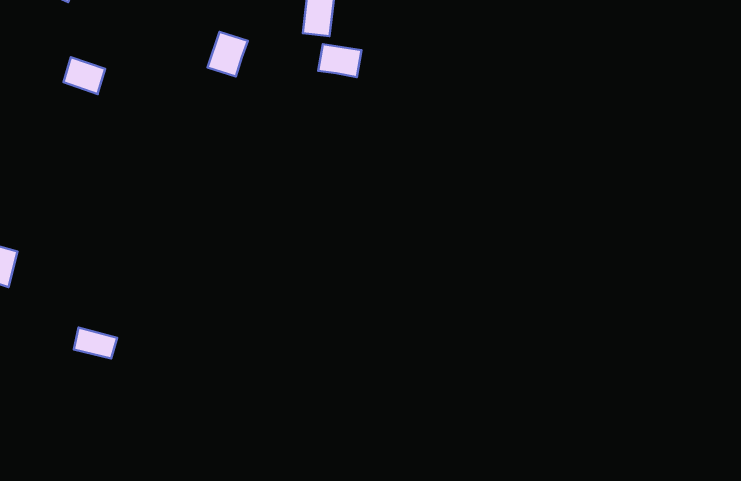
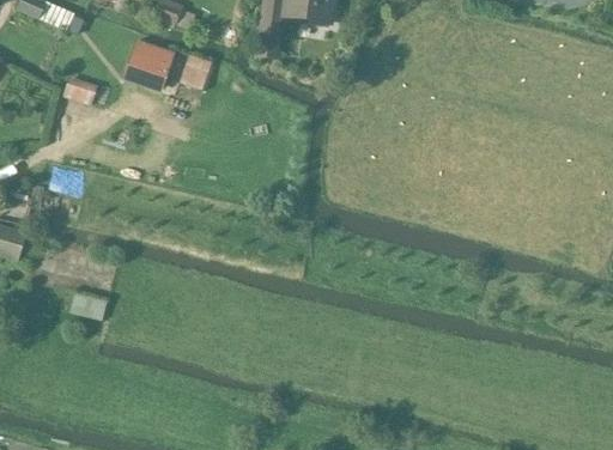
building: none -> [123,38,174,90]
building: [318,44,362,77] -> none

